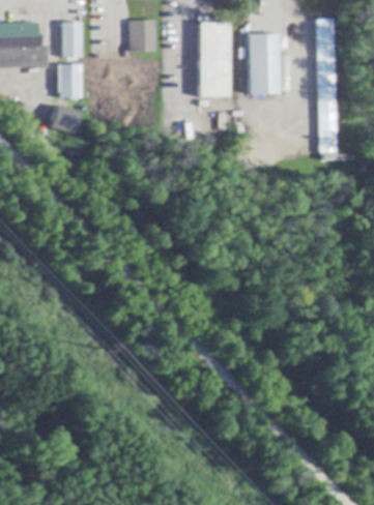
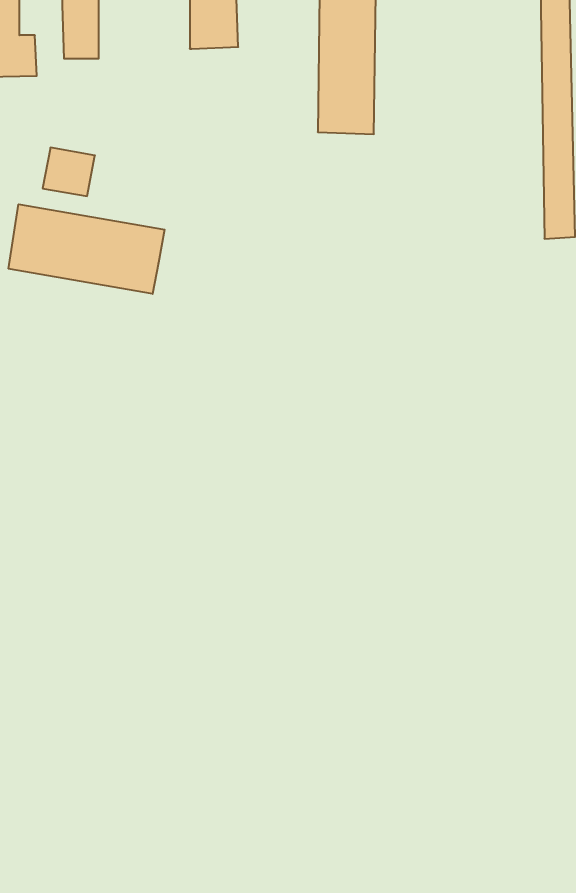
building: [249,34,279,93] -> none
building: [59,64,83,98] -> none
building: none -> [9,204,165,294]

